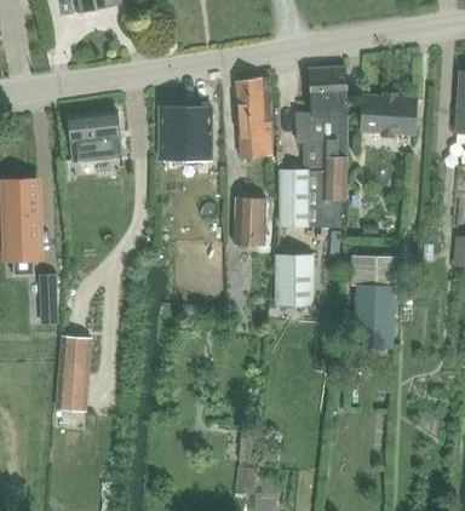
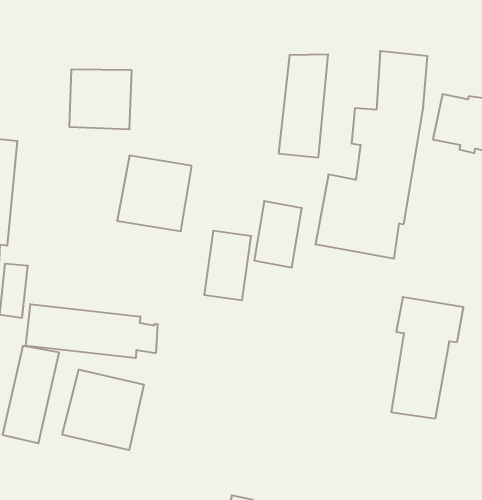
building: [157,107,209,160] -> [117,156,192,231]
building: [280,255,310,306] -> [204,231,251,300]
building: none -> [26,304,158,358]
building: none -> [62,369,144,450]

